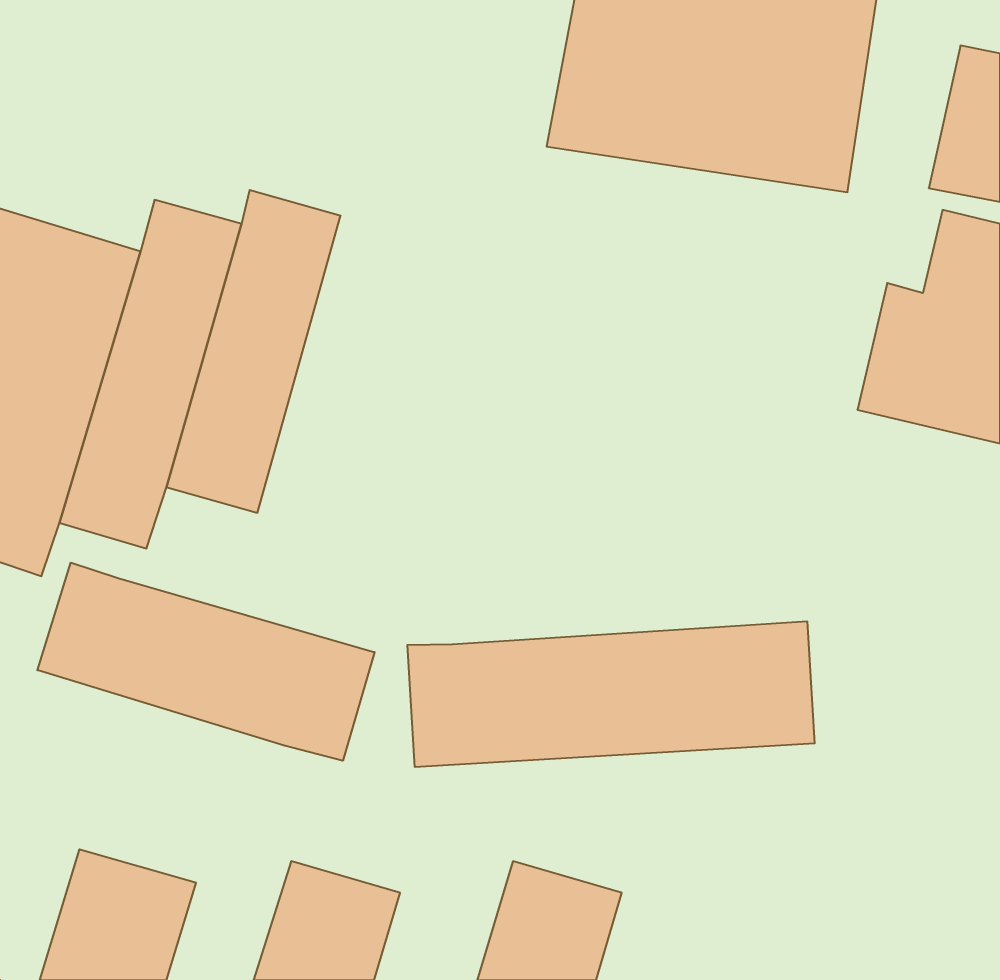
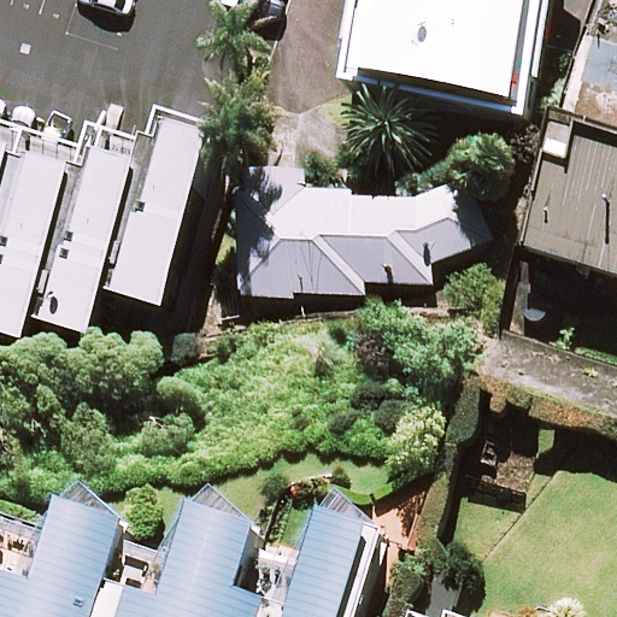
building: none -> [243,180,481,280]
building: [37,563,375,761] -> none
building: [407,621,815,767] -> none

